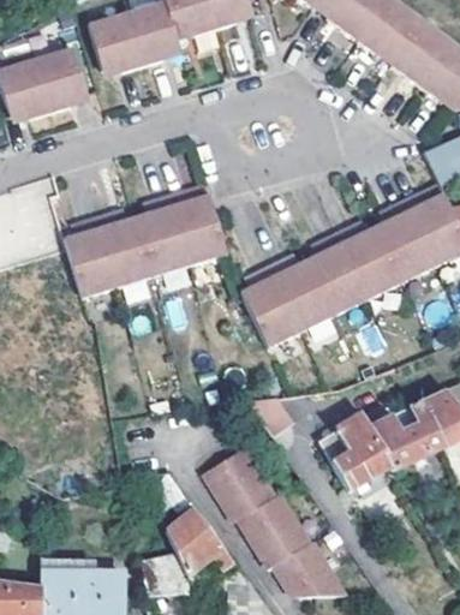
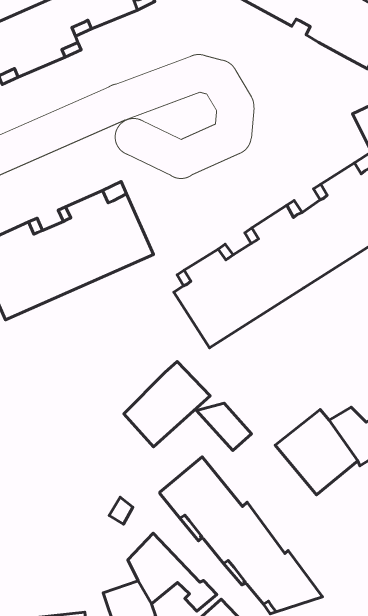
building: none -> [124,362,210,447]

